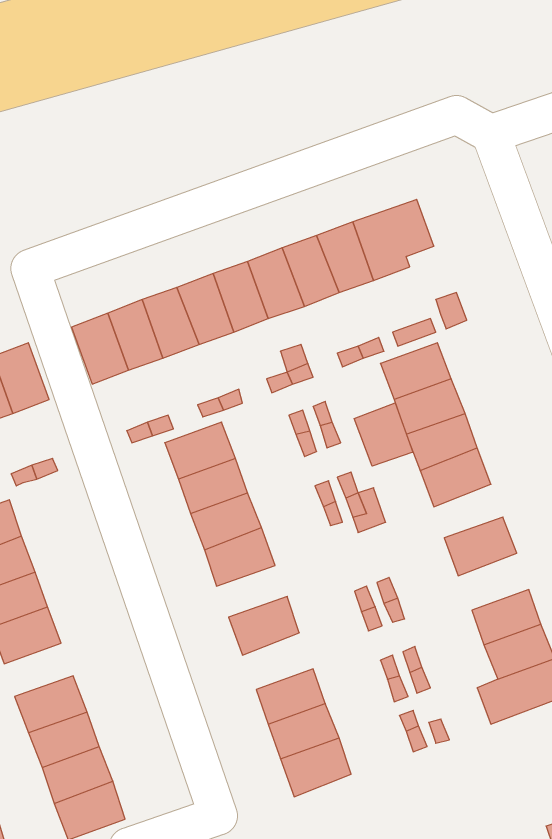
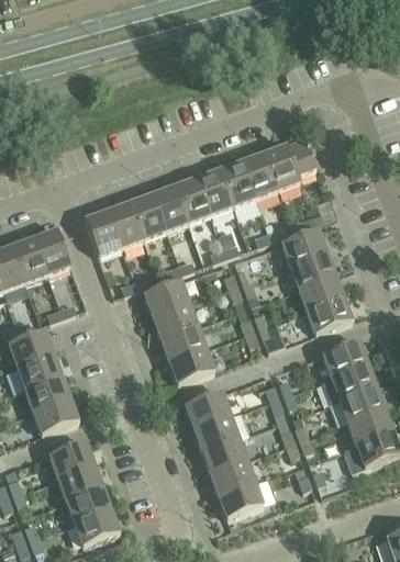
building: [354,403,413,466] -> none
building: none -> [320,362,376,403]
building: none -> [193,409,248,449]

